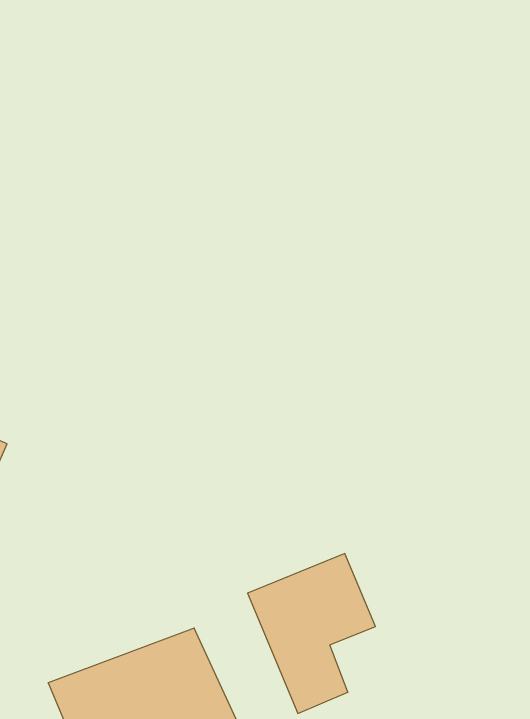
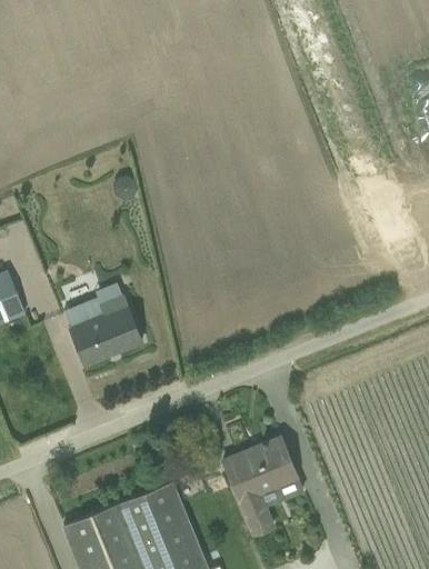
building: none -> [52,293,143,383]

